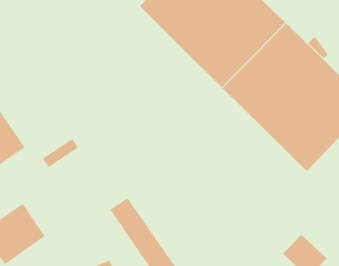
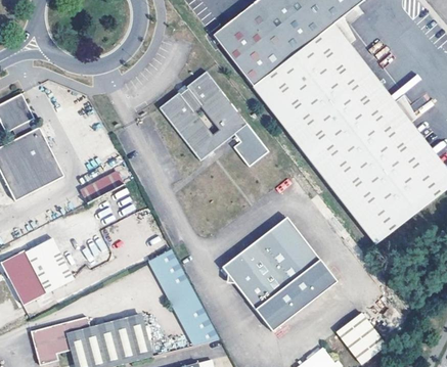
building: none -> [158,70,268,166]
building: none -> [221,216,336,330]

